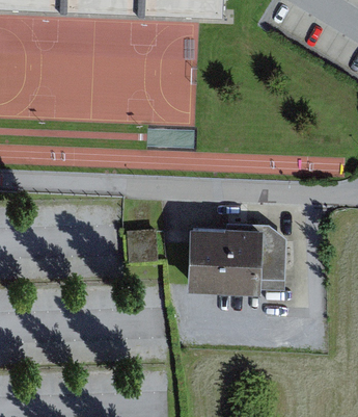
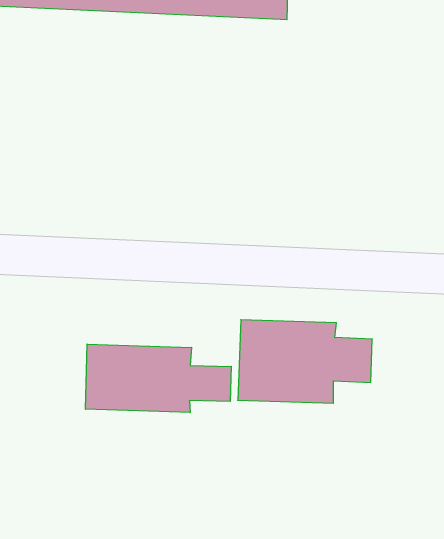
building: none -> [86,344,231,413]

